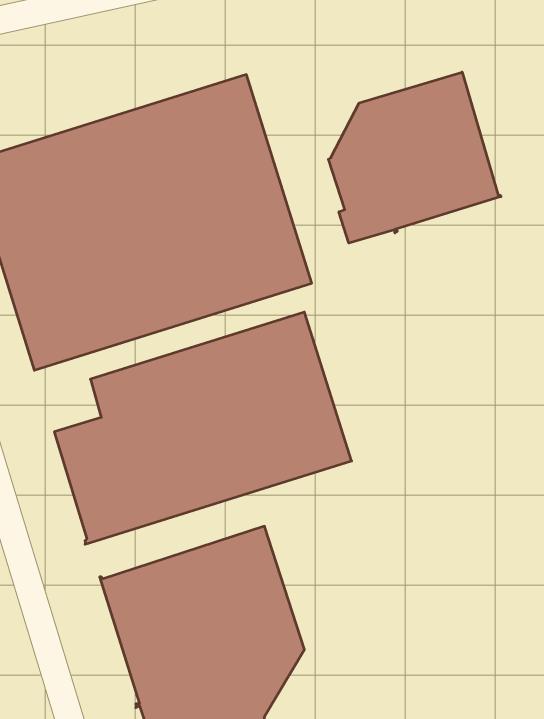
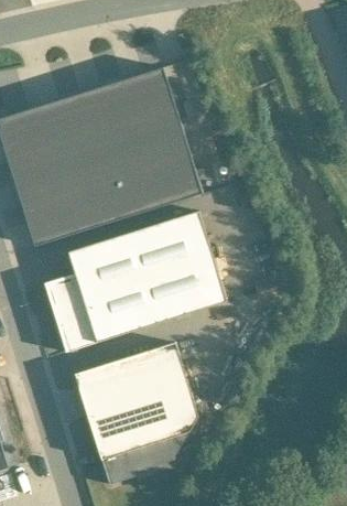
building: [328,72,501,243] -> none

